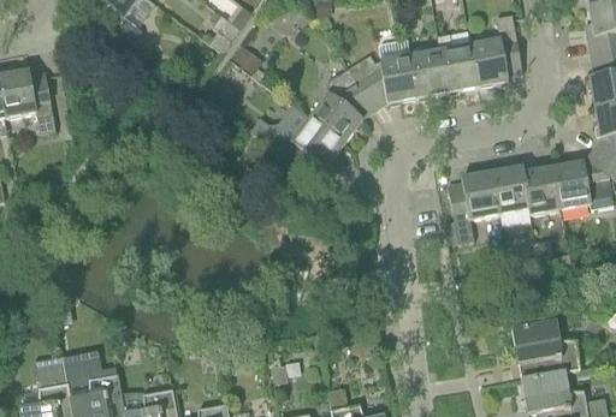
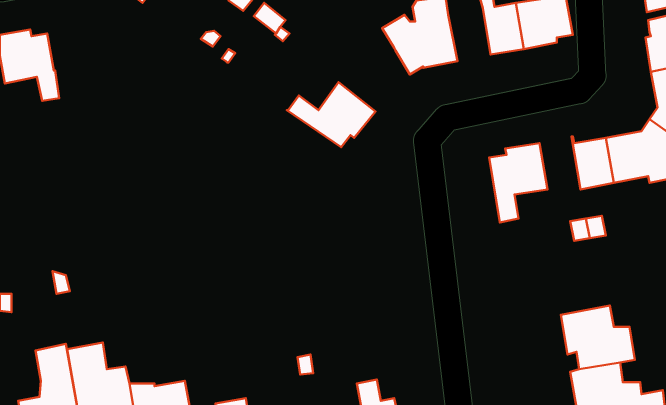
building: [409,48,448,96] -> none
building: [309,66,374,142] -> none
building: [492,165,529,213] -> none

